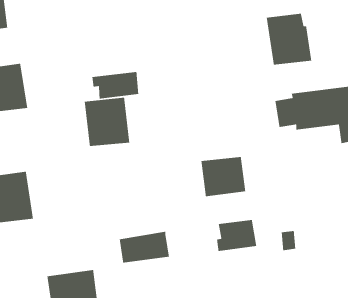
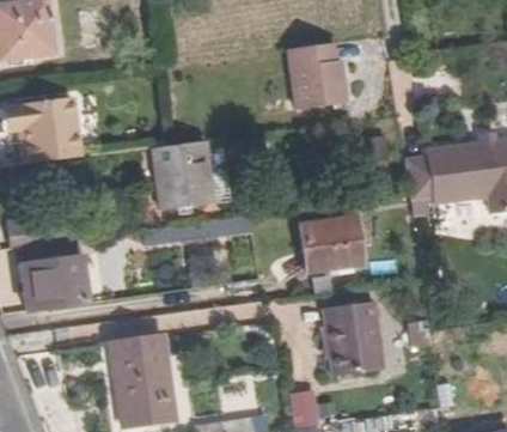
building: [266,13,312,66] -> [289,43,350,112]
building: [92,71,139,100] -> none
building: [119,231,170,264] -> [99,334,166,377]
building: none -> [329,339,385,377]

